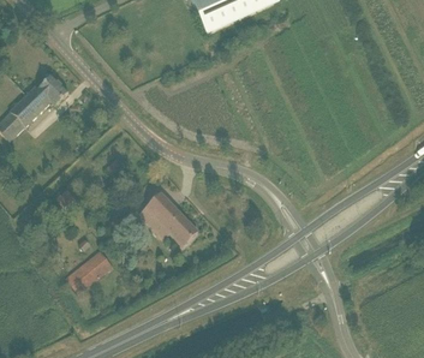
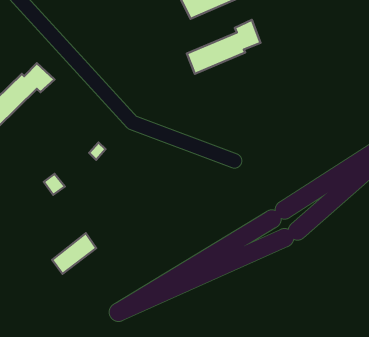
building: none -> [187,20,260,74]
building: [138,191,196,244] -> none

